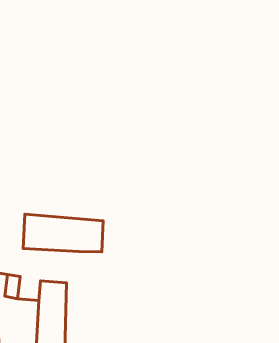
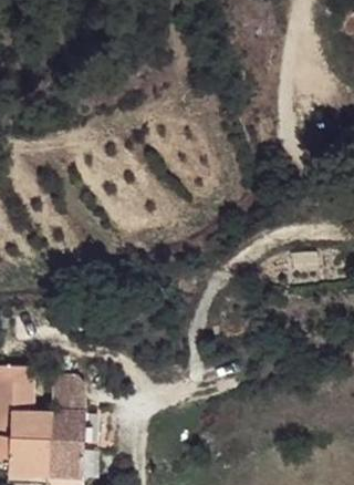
building: [23,214,103,252] -> none

